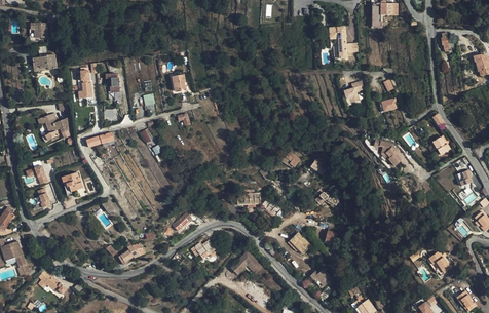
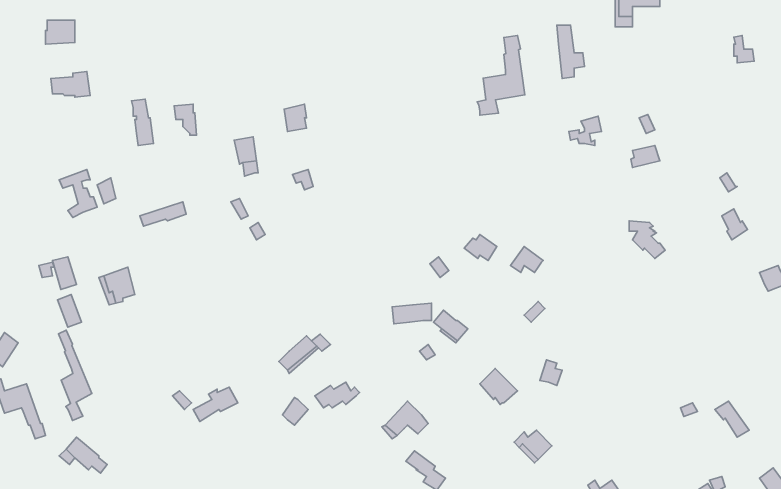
building: none -> [477,36,525,115]
building: none -> [59,330,92,421]

